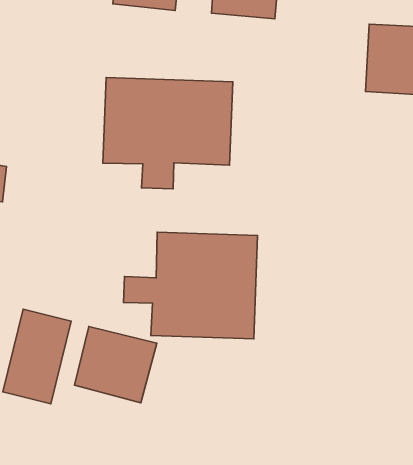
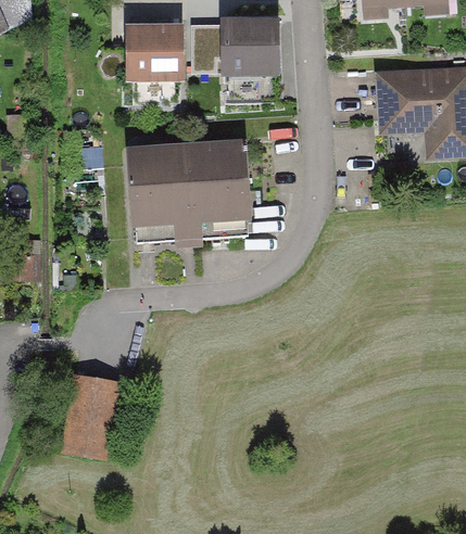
building: [124,232,257,339] -> none
building: [74,327,157,403] -> none

